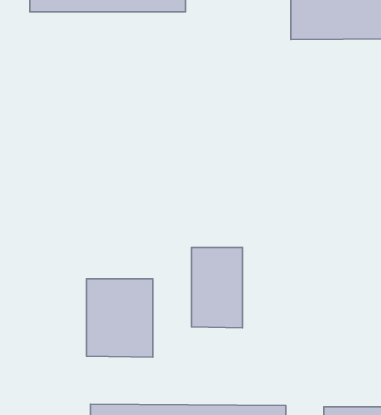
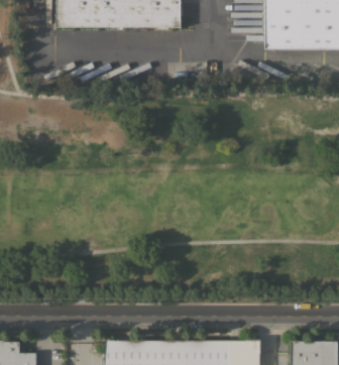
building: [191,248,242,328] -> none
building: [86,279,153,357] -> none

